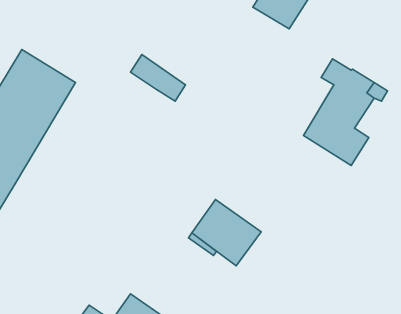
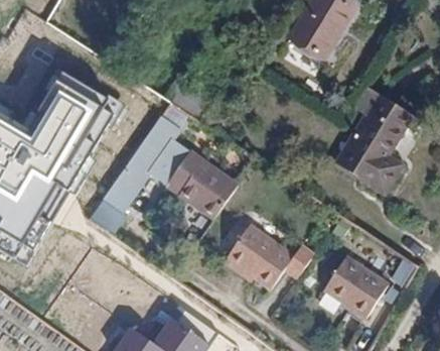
building: none -> [90,114,239,235]
building: none -> [323,257,387,318]

